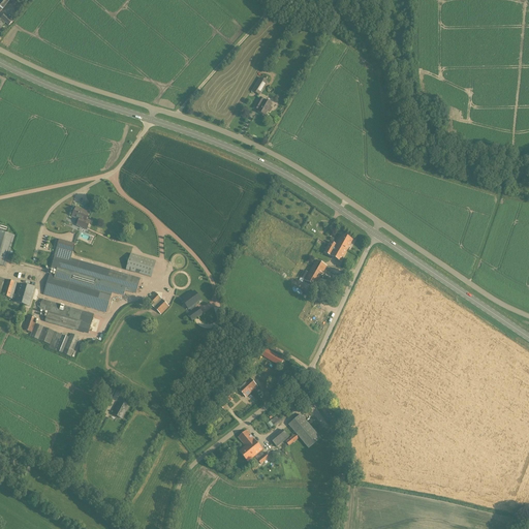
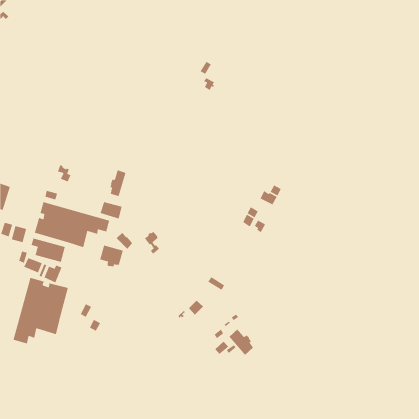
building: none -> [110,169,127,197]
building: none -> [99,245,124,268]
building: none -> [13,277,69,345]
building: [237,429,269,464] -> none

